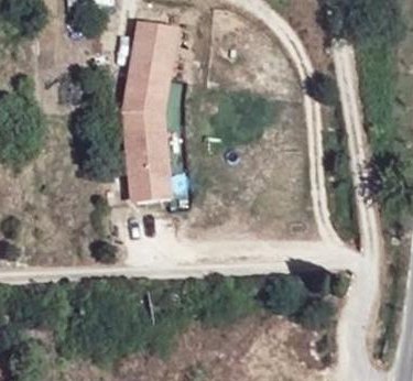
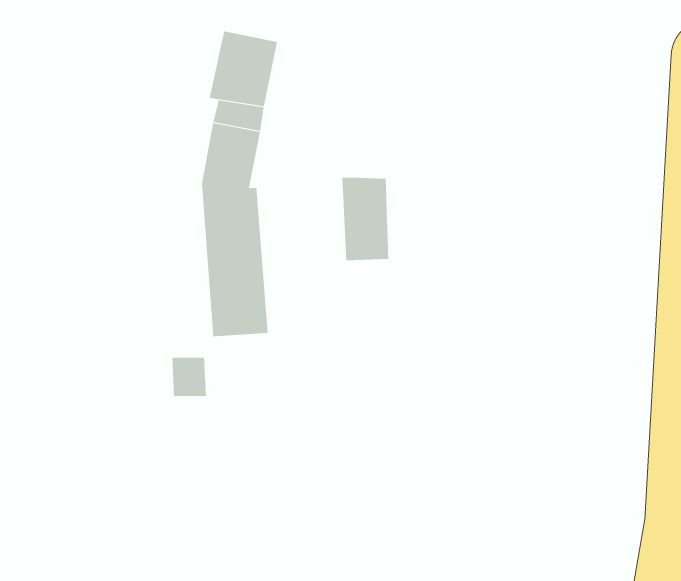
building: none -> [342,177,389,261]

